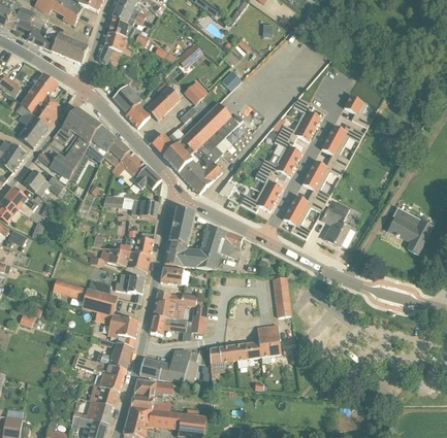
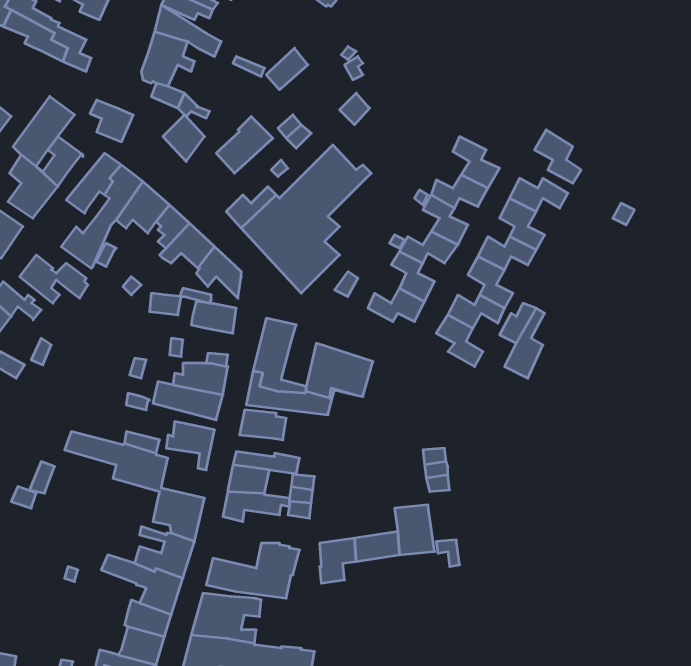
building: [61,37,88,63] -> [90,100,133,142]
building: [125,97,149,128] -> none
building: [388,208,432,254] -> none

